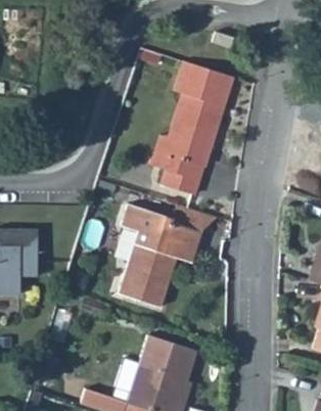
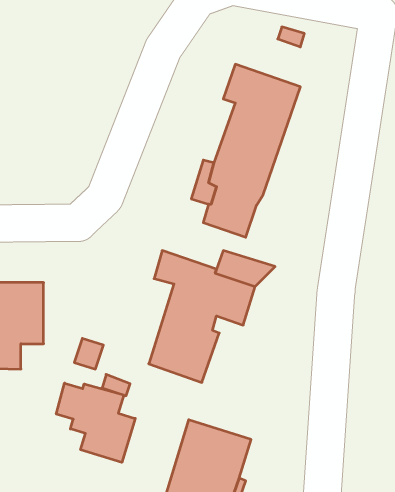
building: none -> [56,383,135,462]

